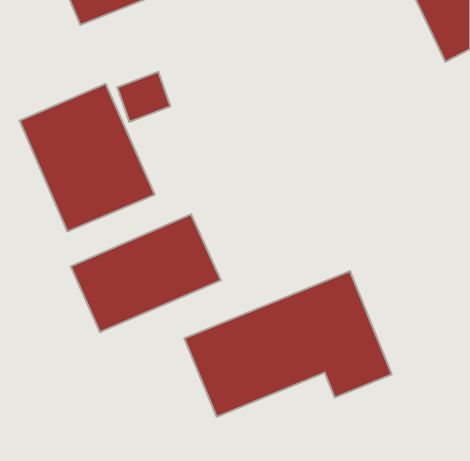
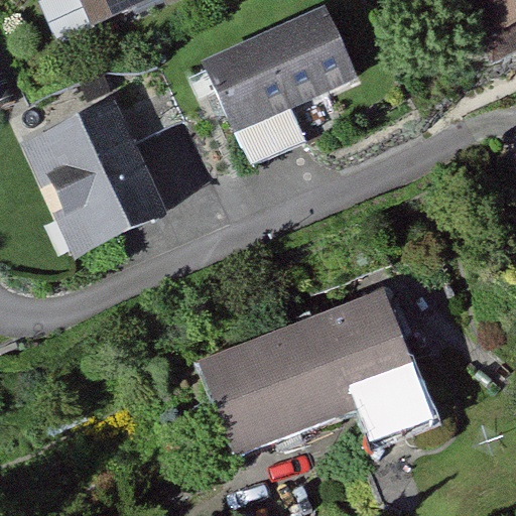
building: none -> [205,7,357,129]
building: [71,214,221,332] -> none

